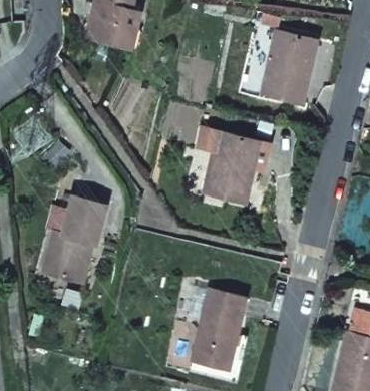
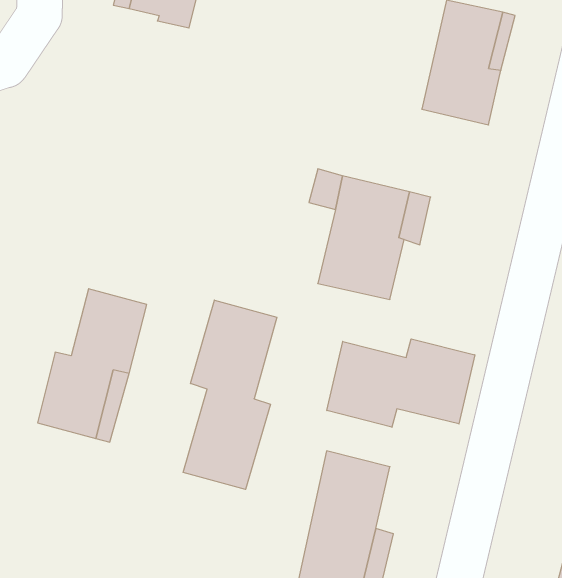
building: none -> [183,300,277,489]
building: none -> [327,339,475,427]

